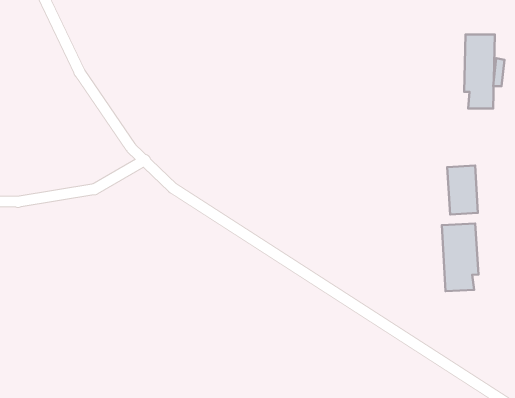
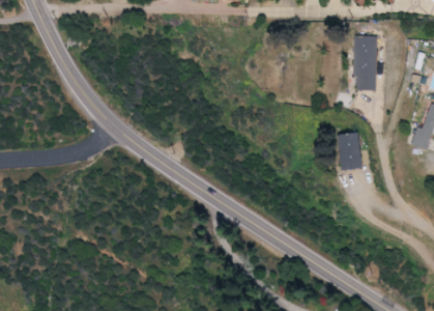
building: [442,224,478,291] -> none

